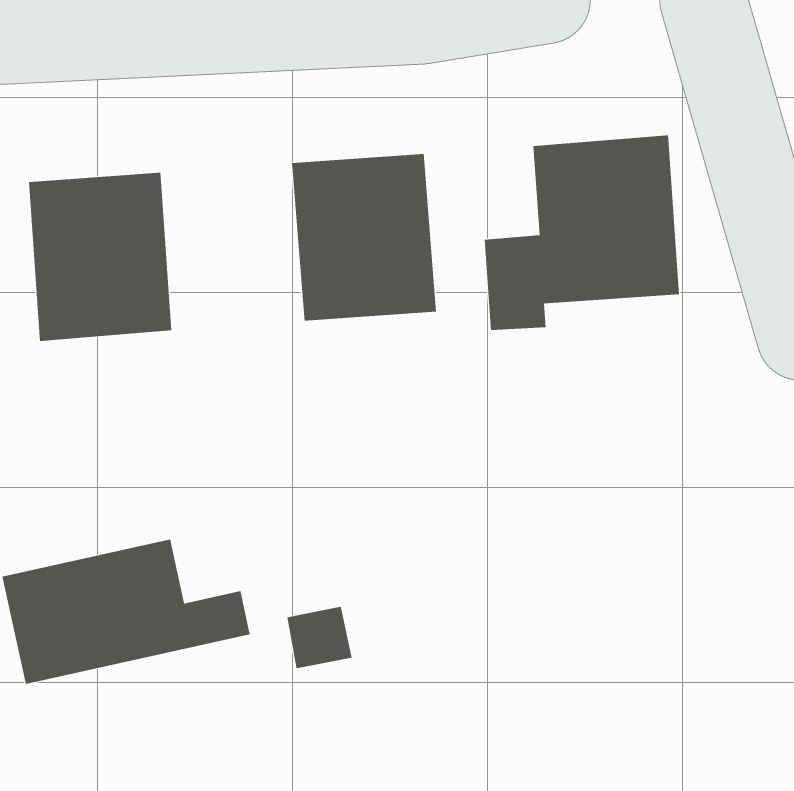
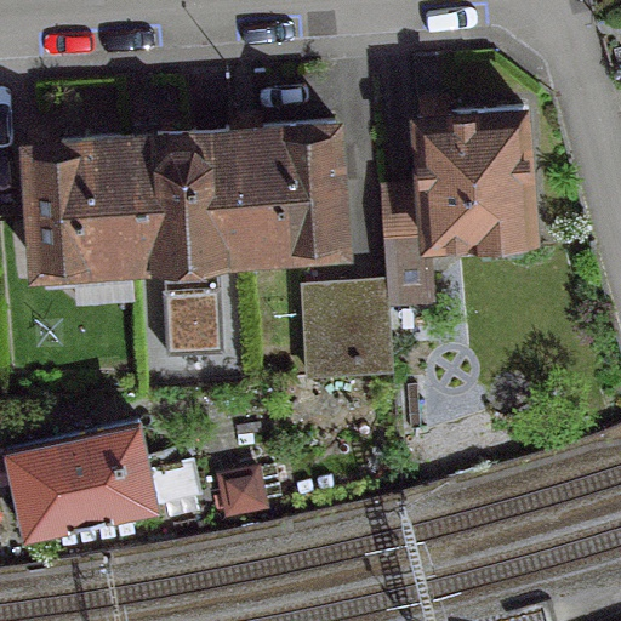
building: none -> [130,133,240,359]
building: none -> [303,286,392,384]

